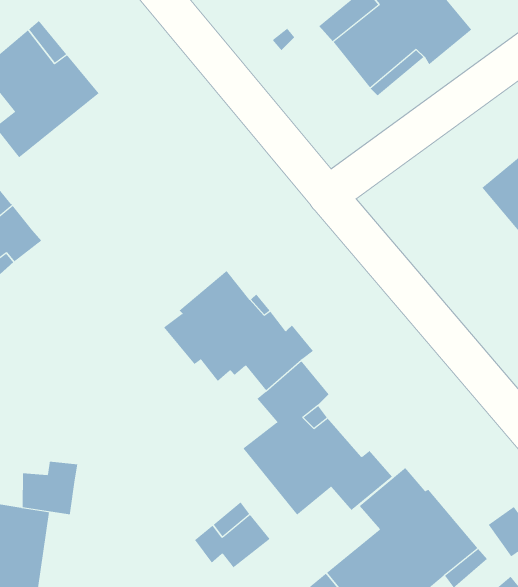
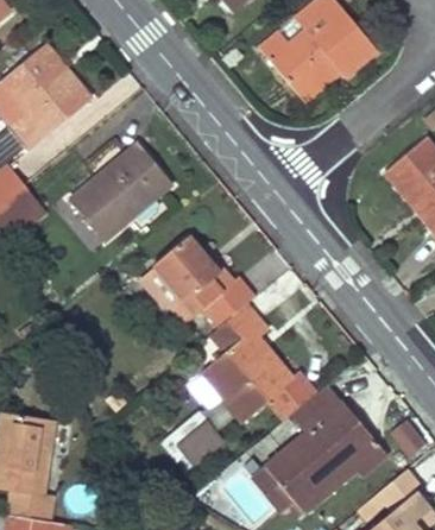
building: none -> [69,141,172,240]
building: [22,461,78,515] -> none

